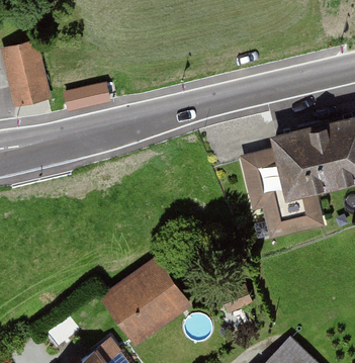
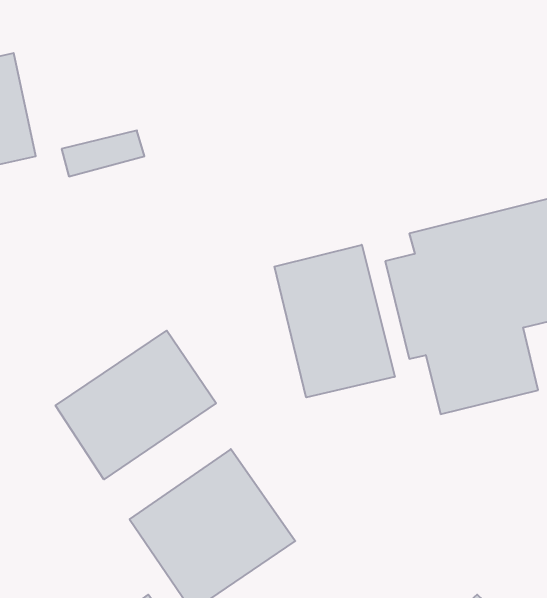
building: none -> [274,245,395,397]
building: none -> [56,331,216,479]

